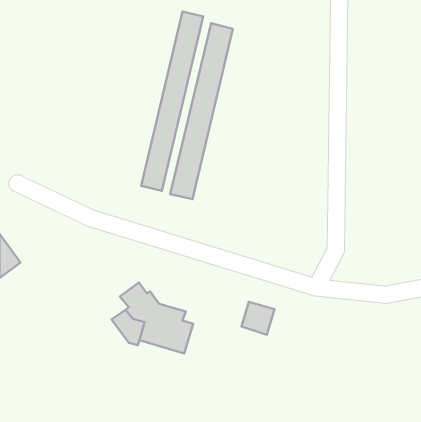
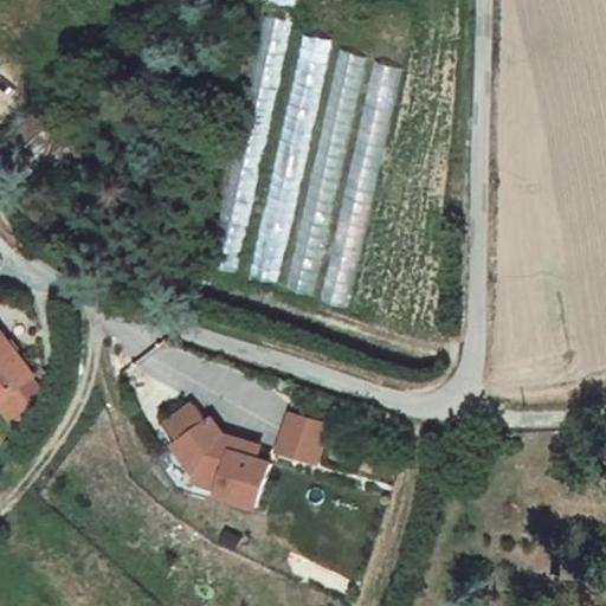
building: none -> [285,51,368,292]
building: none -> [321,62,402,302]
building: [241,302,274,335] -> [284,414,331,462]

